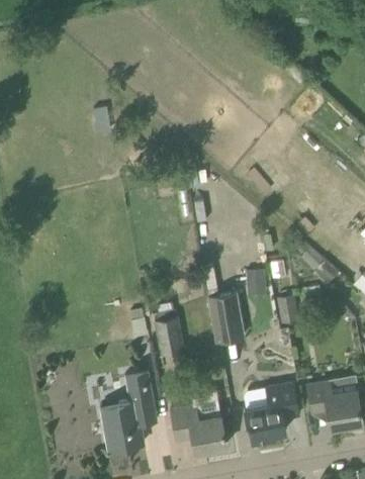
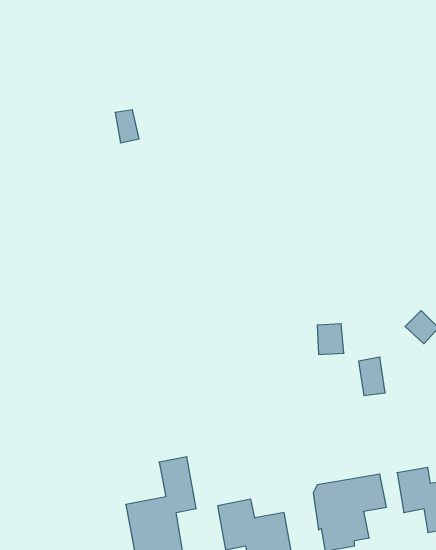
building: [209,292,245,343] -> none
building: [154,309,185,357] -> none

